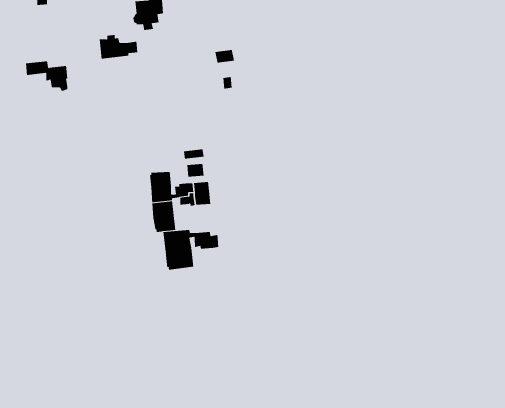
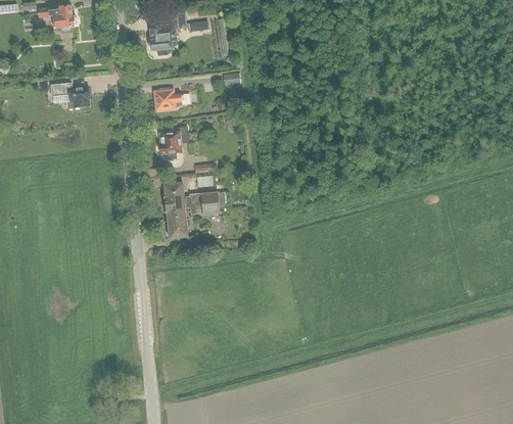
building: [99,34,138,59] -> [153,86,189,108]
building: none -> [157,126,188,157]
building: [163,229,219,271] -> none

